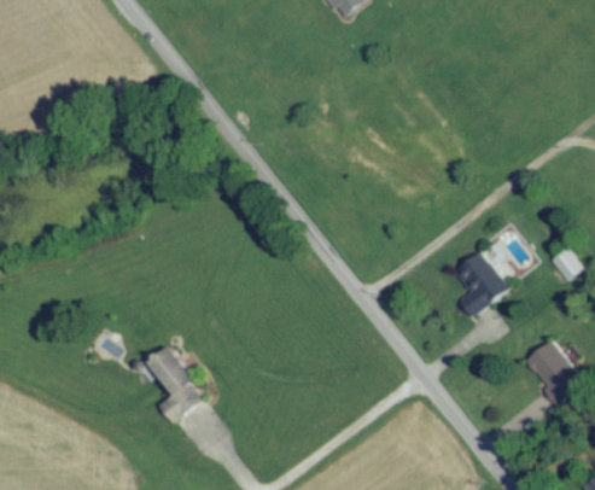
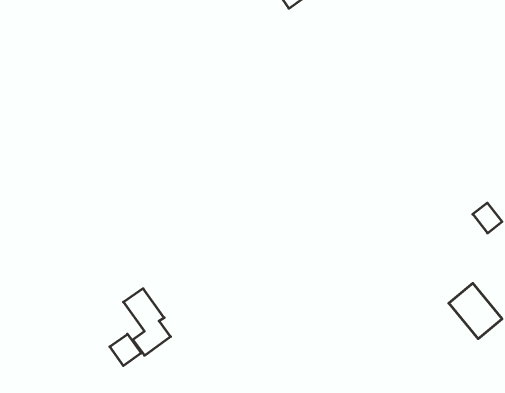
building: [454,250,509,316] -> none
building: none -> [110,334,141,366]

